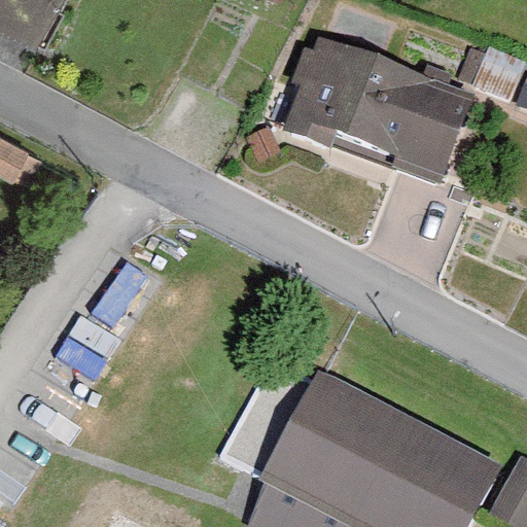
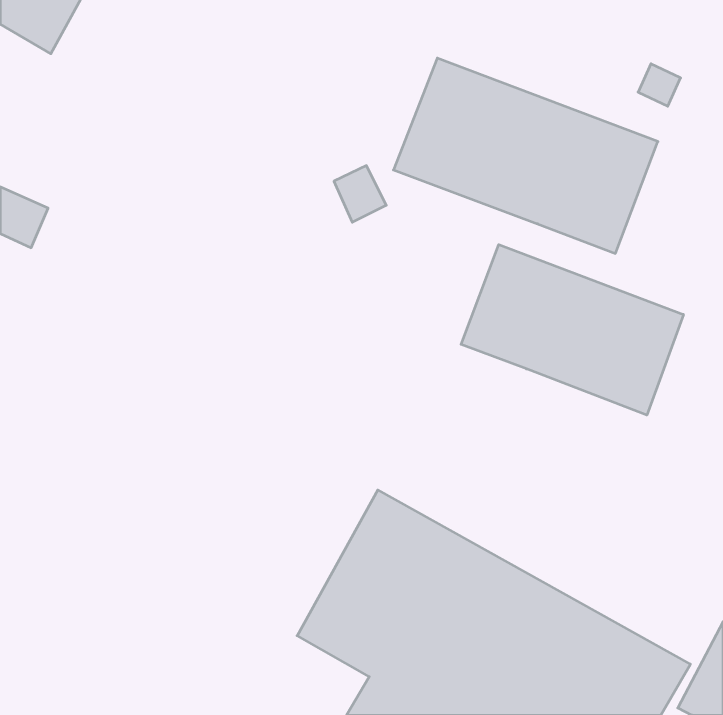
building: none -> [461,245,683,415]

